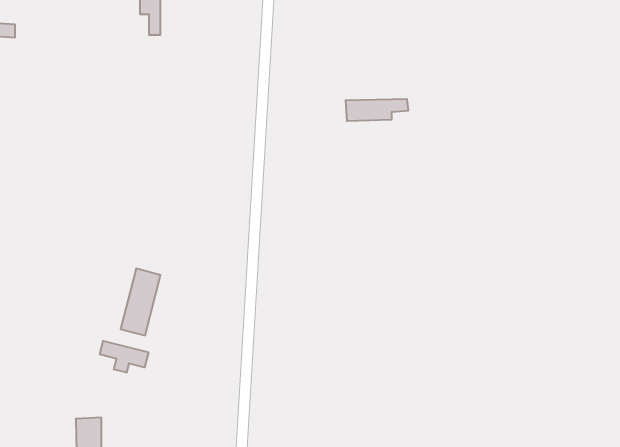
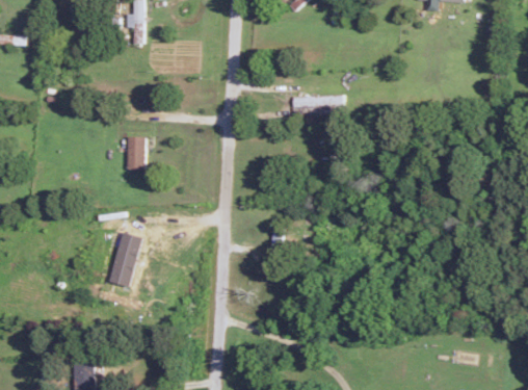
building: none -> [126,137,144,168]
building: [100,341,148,373] -> none

